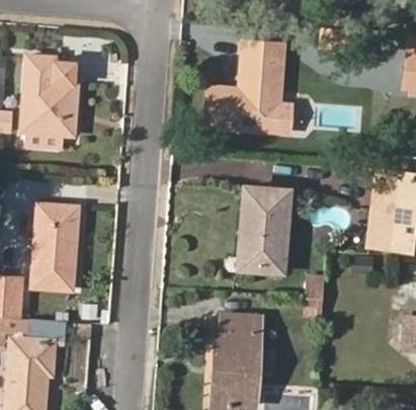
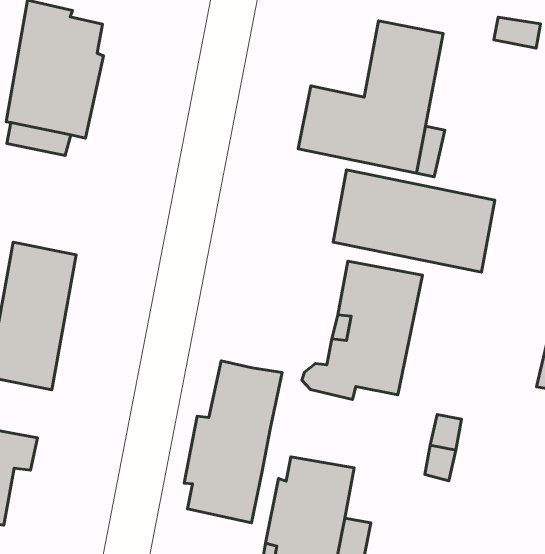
building: none -> [333,170,495,272]
building: none -> [184,361,282,523]

